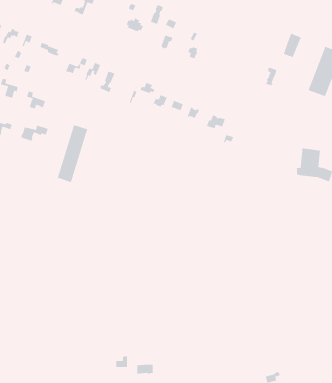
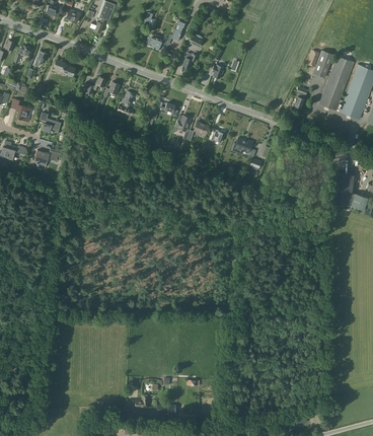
building: none -> [319,56,354,110]
building: [57,124,88,183] -> none

